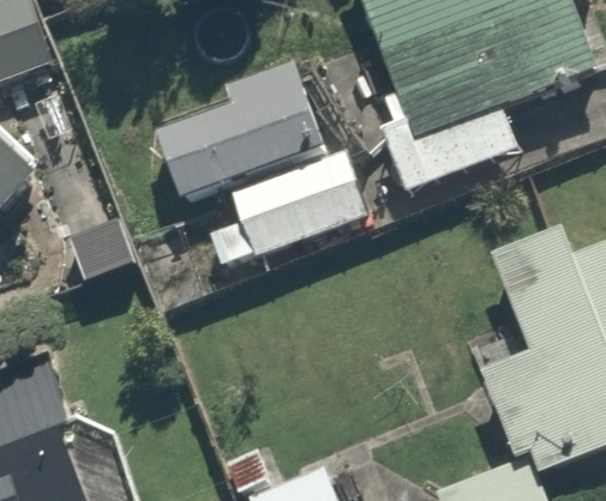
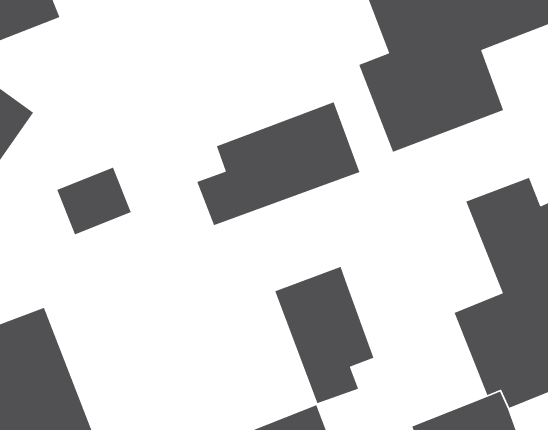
building: [167,53,331,209] -> none
building: none -> [274,266,374,404]

